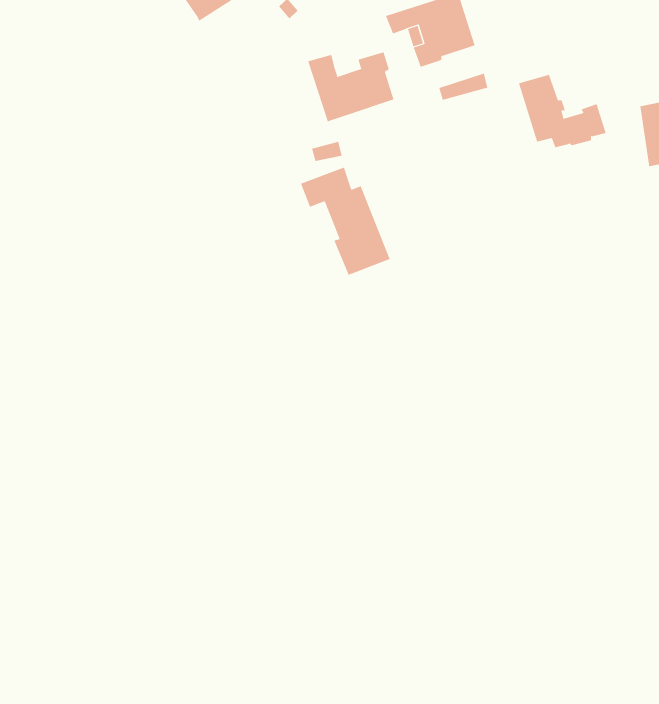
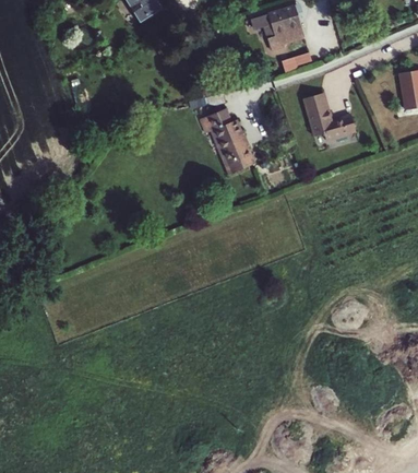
building: [307,51,394,122] -> none
building: [518,74,607,148] -> [302,93,355,137]

